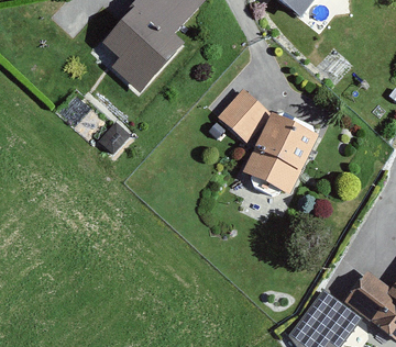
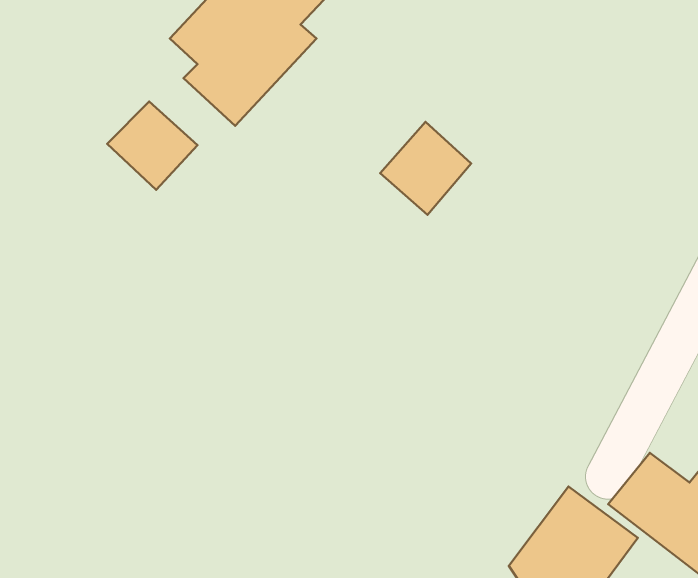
building: none -> [107,101,197,190]
building: [245,116,320,197] -> none

